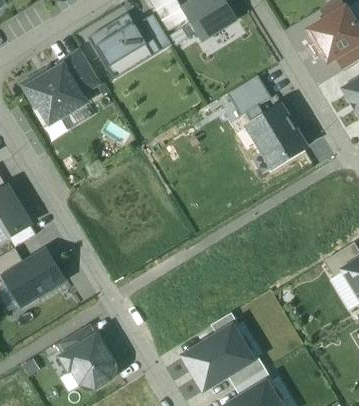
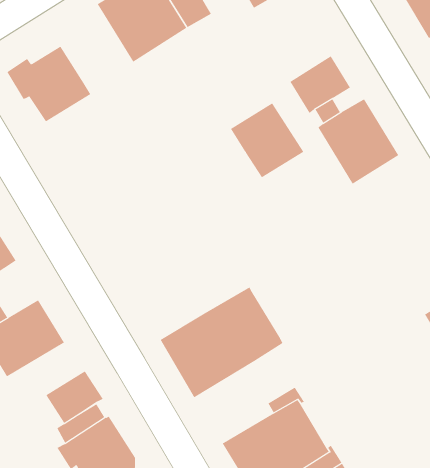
building: [60,51,101,95] -> none
building: none -> [230,102,304,178]
building: none -> [160,287,283,398]
building: none -> [45,371,103,424]

